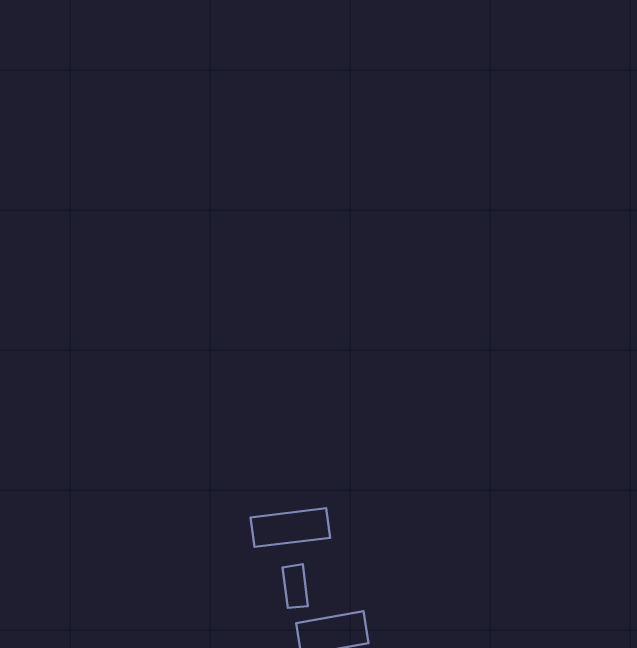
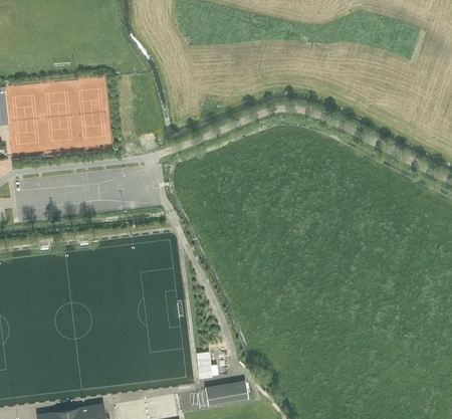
building: [250,508,330,547] -> none

